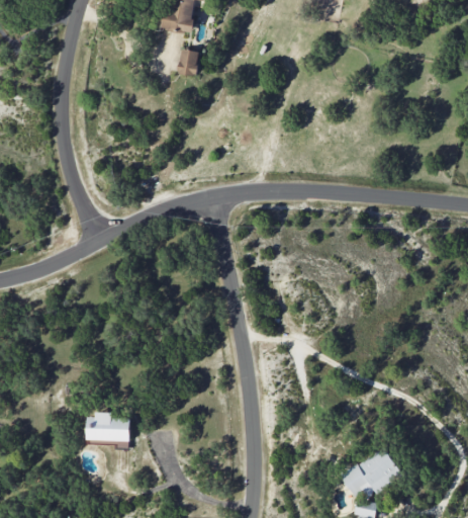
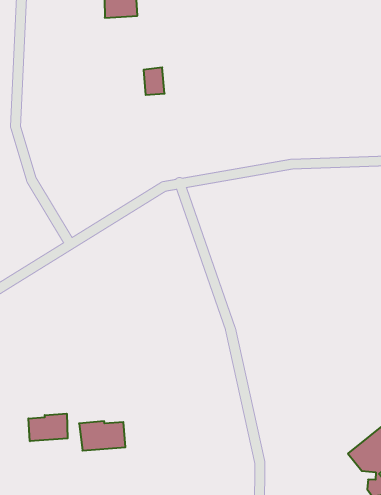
building: [178,50,197,75] -> [144,67,165,95]
building: none -> [28,414,68,441]

